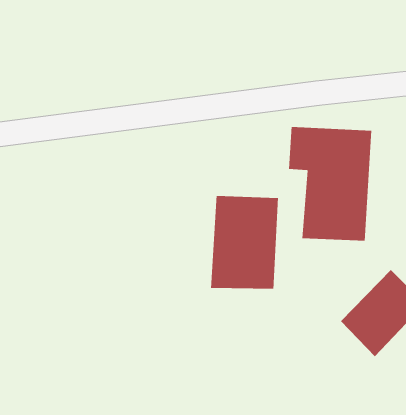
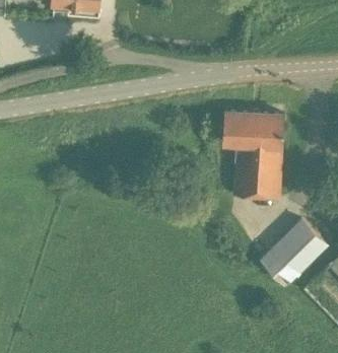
building: [210,195,278,290] -> none

